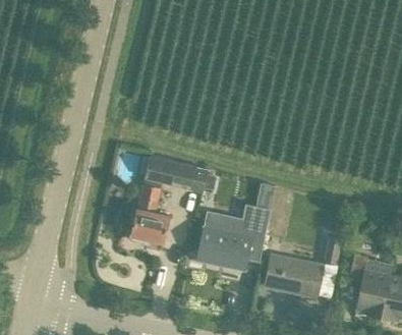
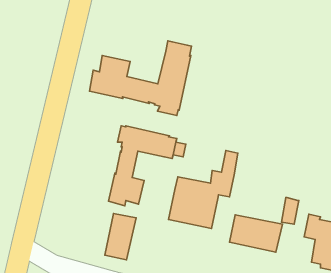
building: none -> [90,41,192,115]
building: none -> [105,213,136,260]

